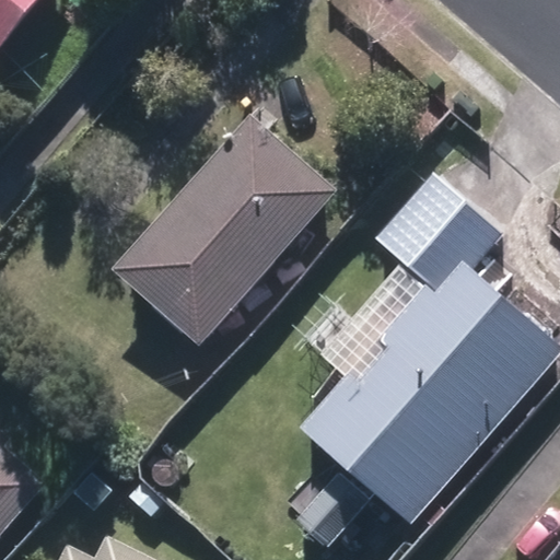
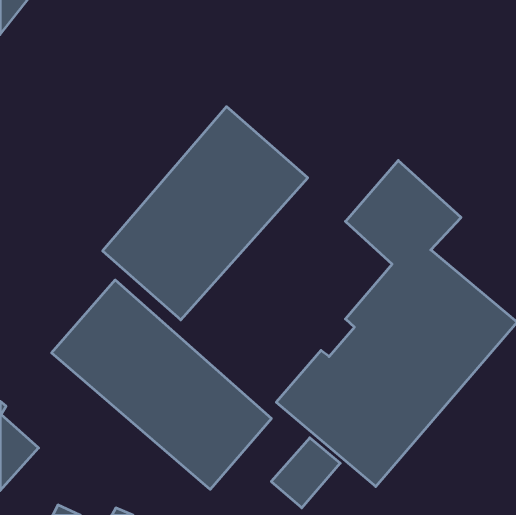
building: none -> [52,280,271,489]

